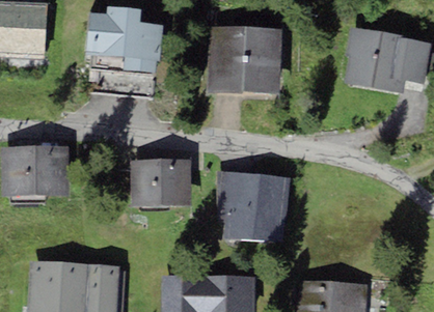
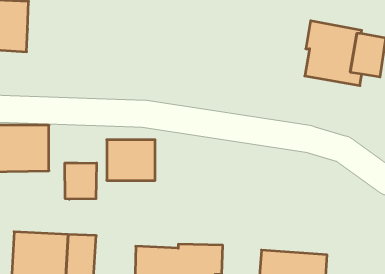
building: [83,18,164,83] -> none
building: [207,33,282,105] -> none
building: [222,171,290,240] -> none
building: none -> [65,163,97,199]

